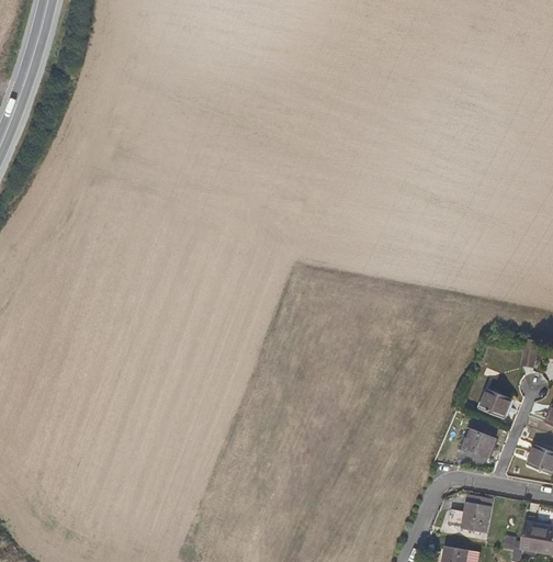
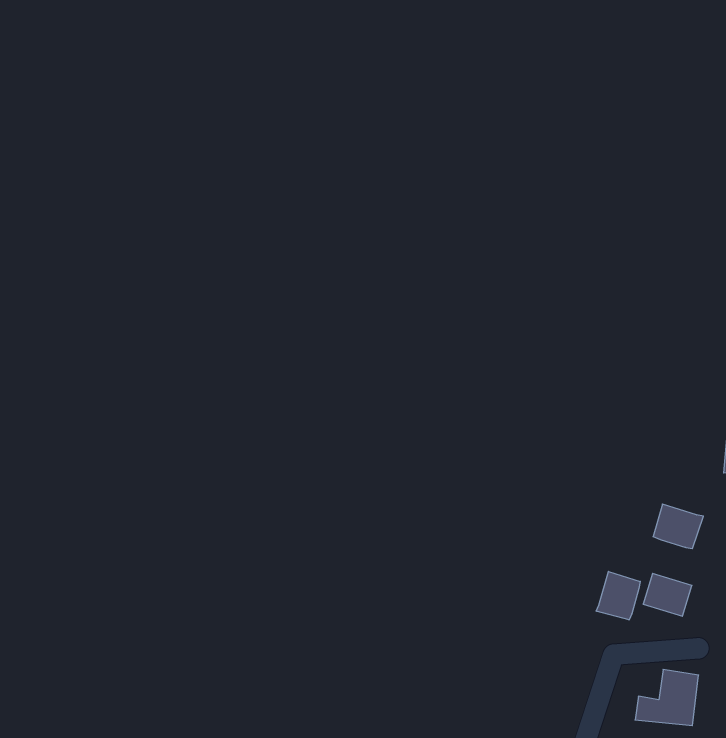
building: none -> [596,571,640,620]

